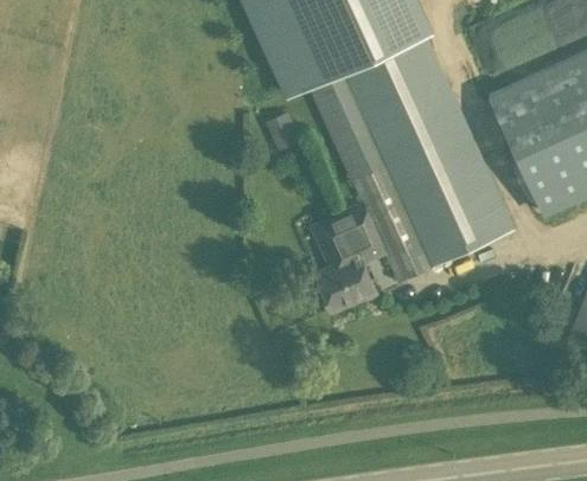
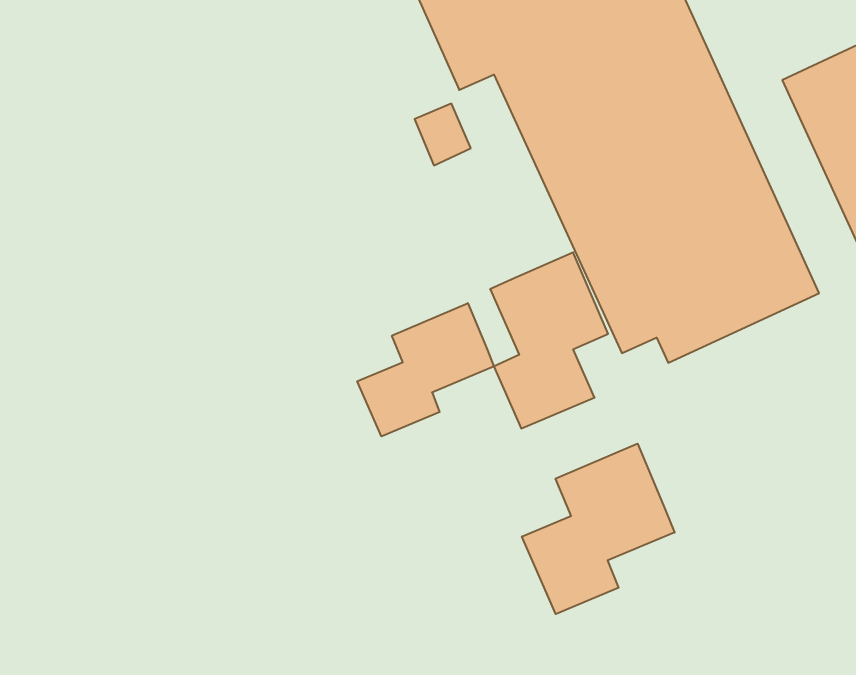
building: none -> [357,303,494,436]
building: none -> [522,444,675,614]

